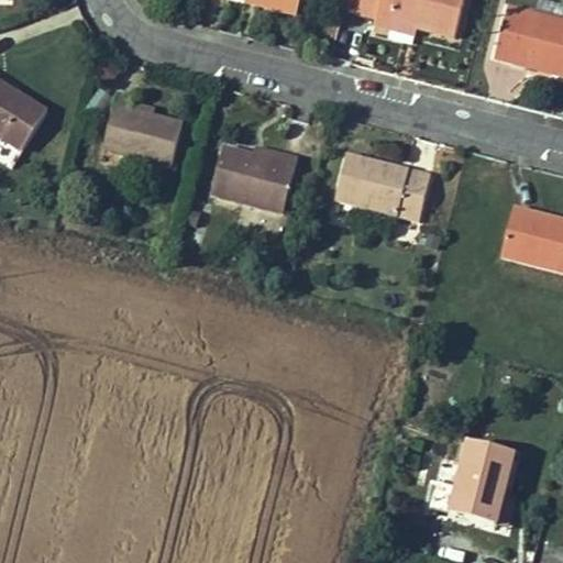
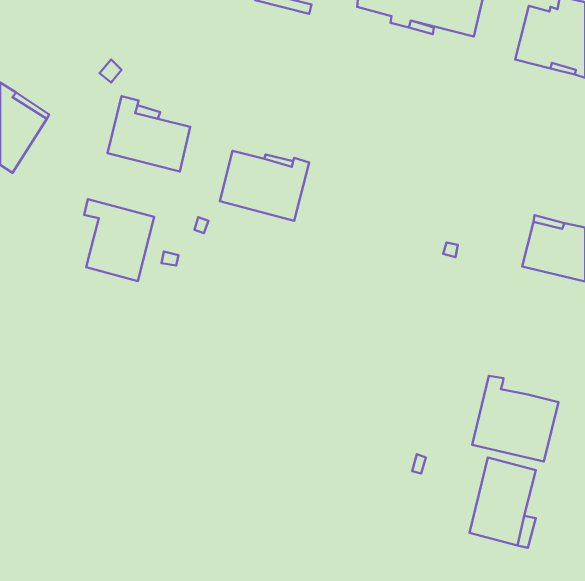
building: [335,153,431,220] -> none
building: none -> [84,199,154,281]
building: none -> [472,376,558,461]

